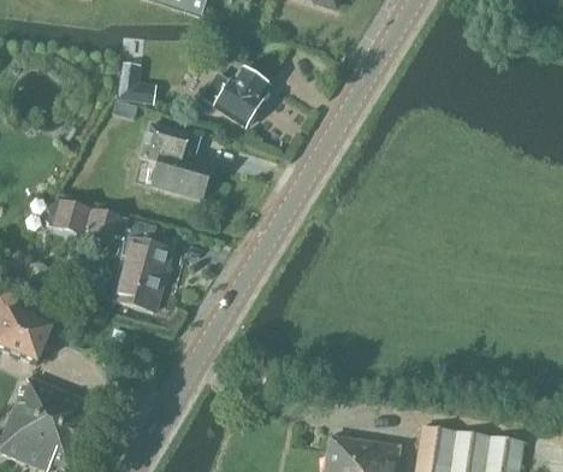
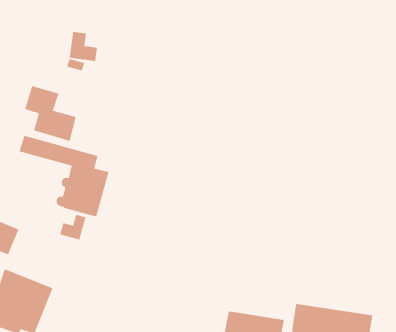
building: [201,69,267,125] -> none
building: [140,123,209,199] -> [24,85,76,142]
building: none -> [59,214,87,241]

